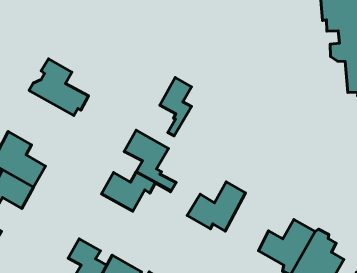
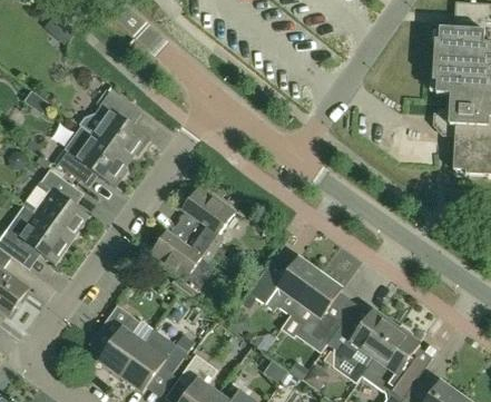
building: [160,78,192,136] -> none
building: none -> [56,125,128,185]
building: none -> [291,273,342,343]

